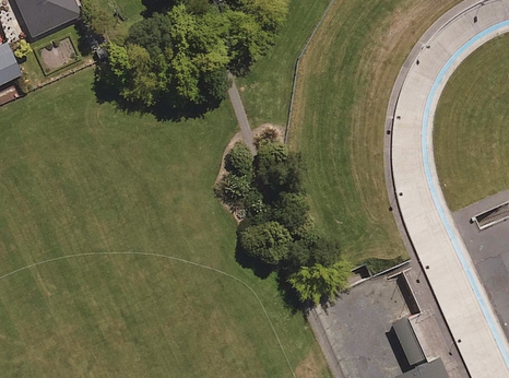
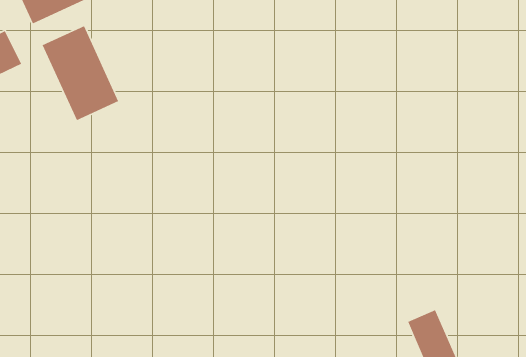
building: none -> [42,25,119,121]

